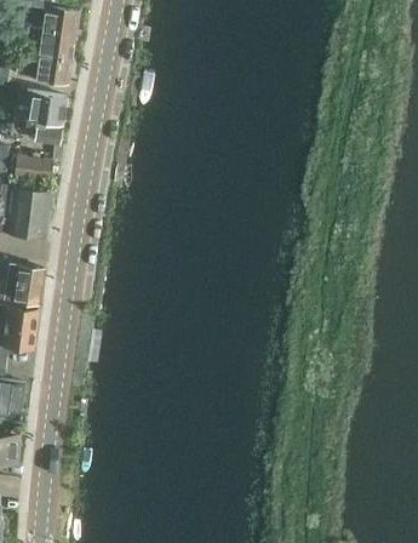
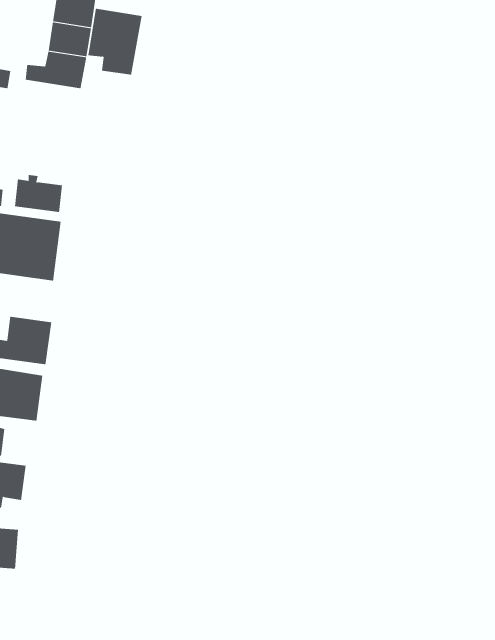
building: [24,91,68,144] -> [88,8,142,75]

